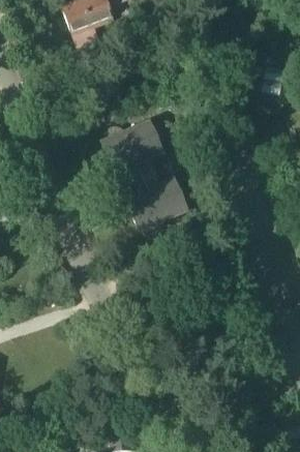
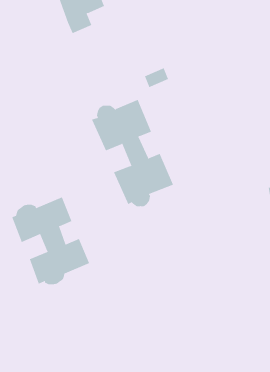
building: none -> [11,196,90,285]

